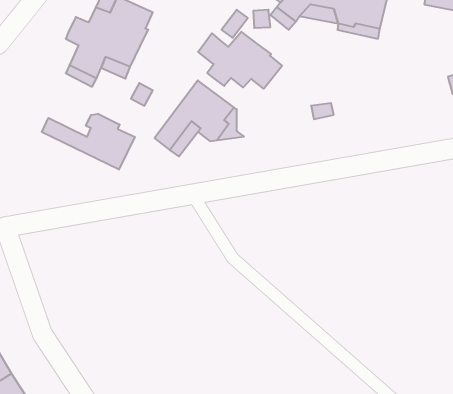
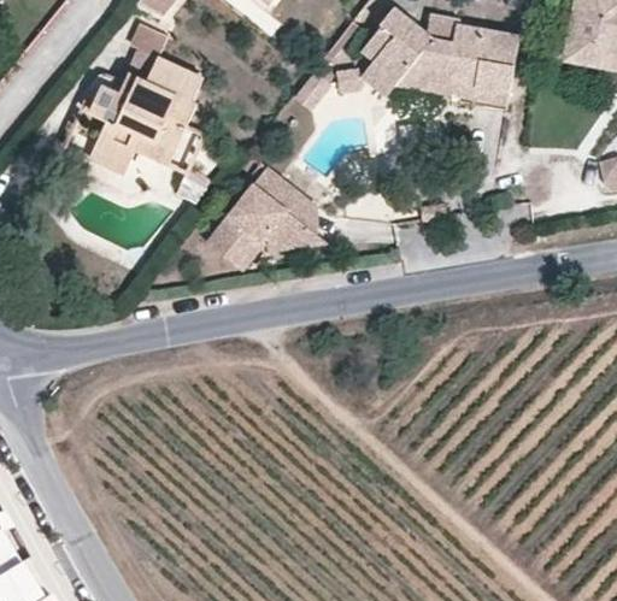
building: [198,32,282,89] -> none
building: [42,114,135,170] -> none

